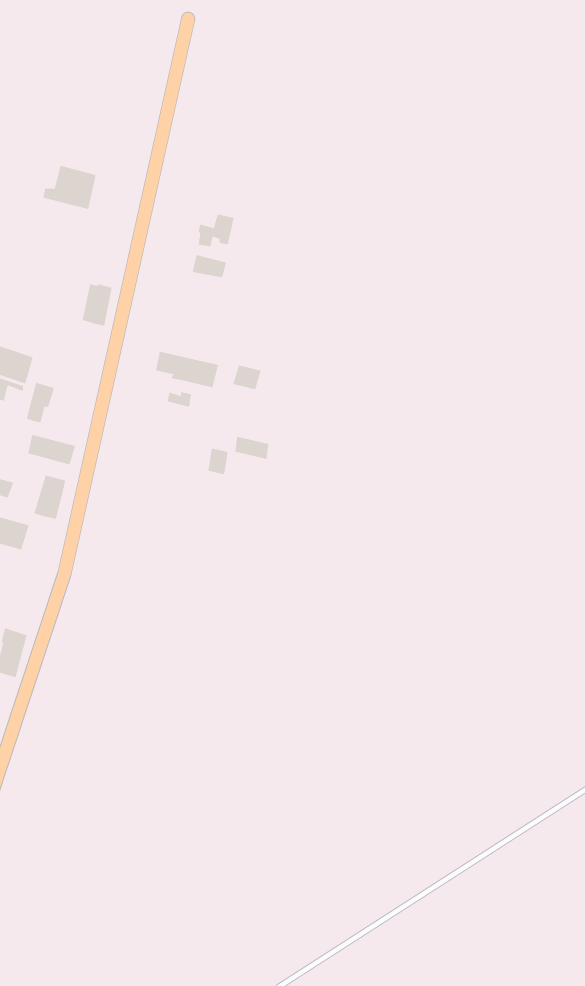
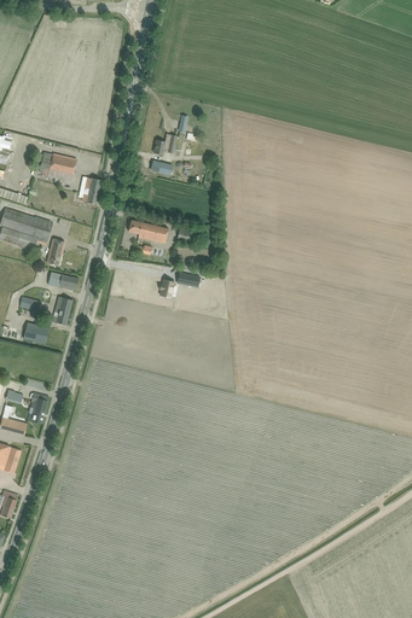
building: [42,165,97,209] -> [42,154,76,182]

